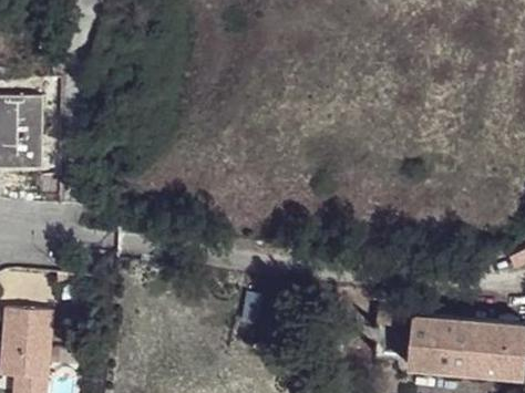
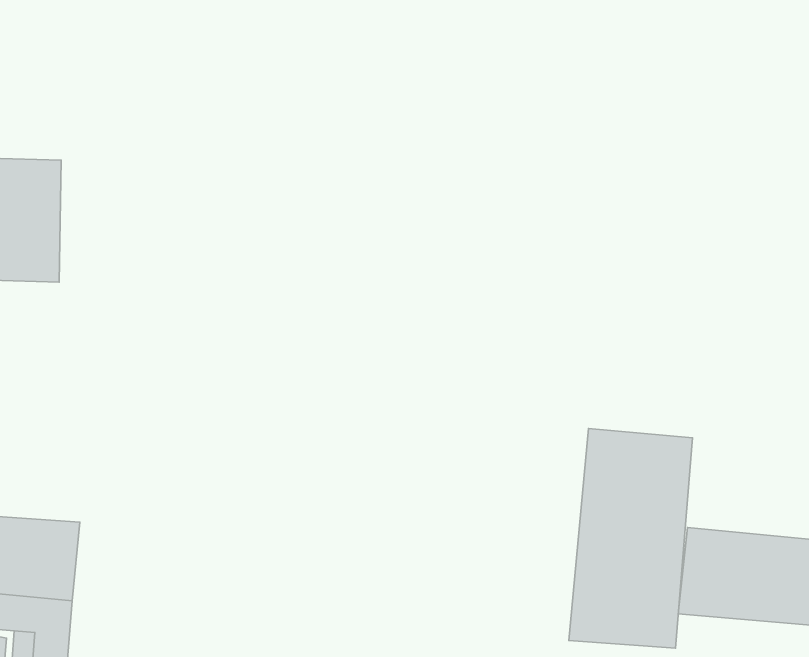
building: none -> [569,429,692,648]

